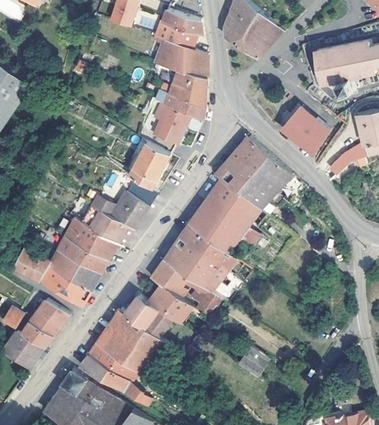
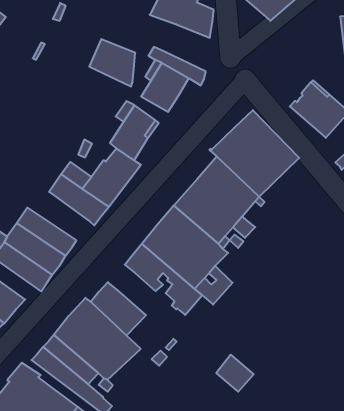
building: [168,69,206,107] -> [89,39,135,87]
building: [64,217,118,260] -> none
building: [148,285,202,323] -> none

